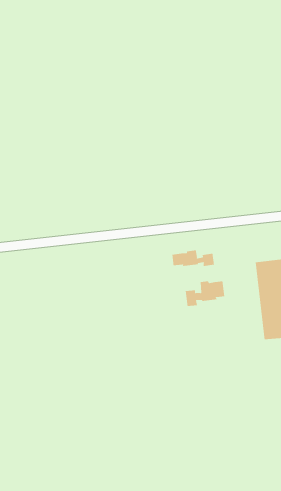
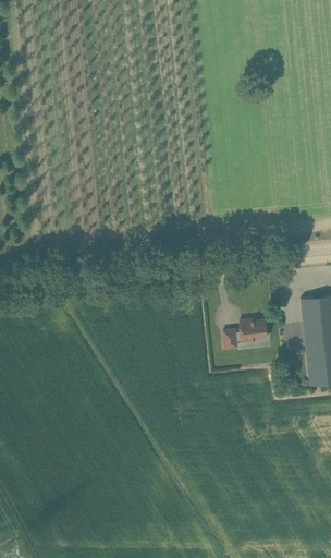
building: [172,250,215,267] -> none

